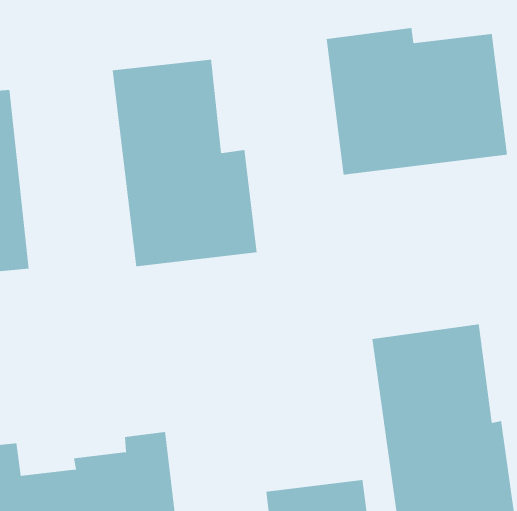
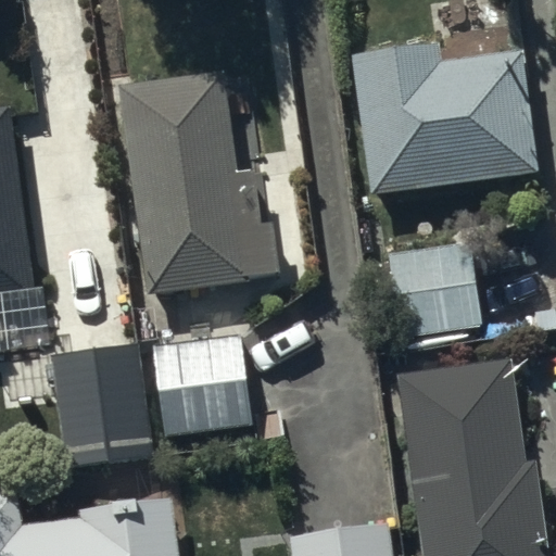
building: none -> [387,245,481,336]
building: none -> [153,336,251,438]
building: none -> [47,337,151,467]

